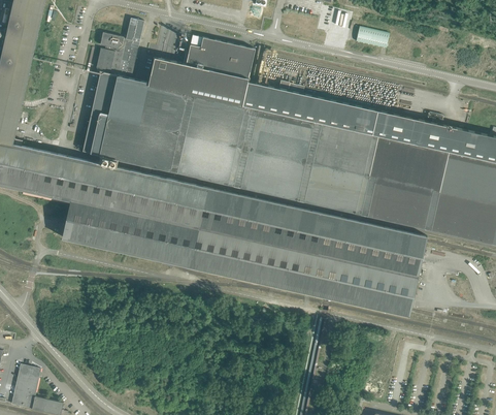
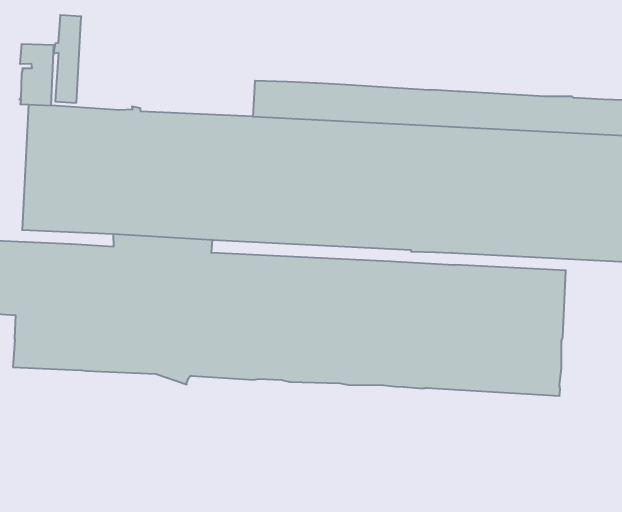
building: [148,35,255,104] -> none

